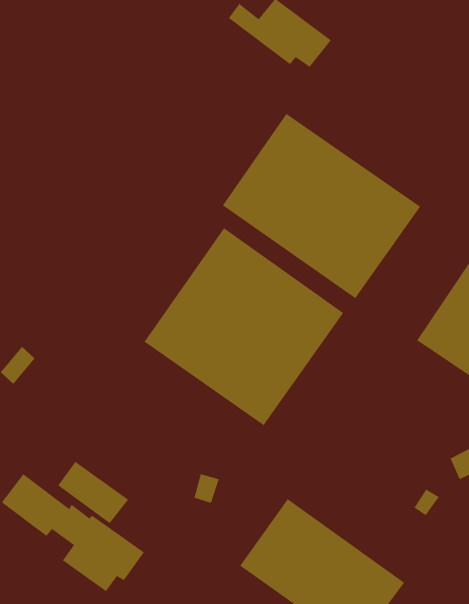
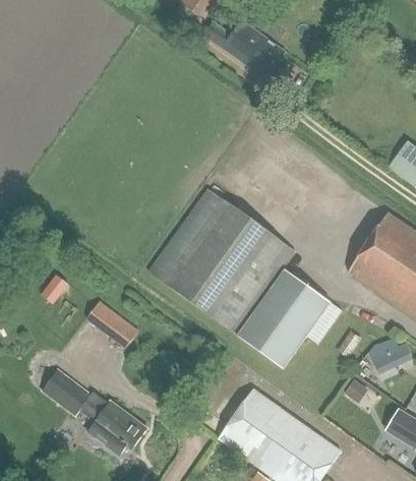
building: [222,113,421,299] -> none
building: none -> [237,268,332,369]
building: [57,461,129,524] -> [86,301,139,348]

